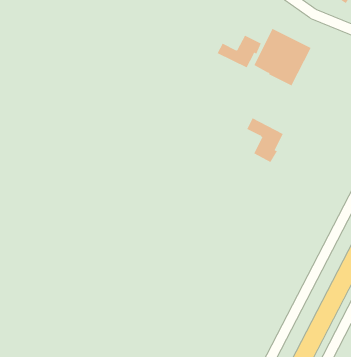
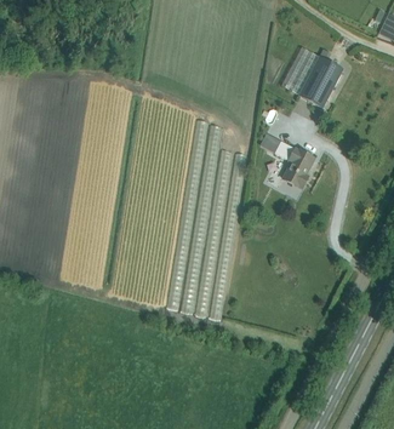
building: [217,35,261,68] -> none

